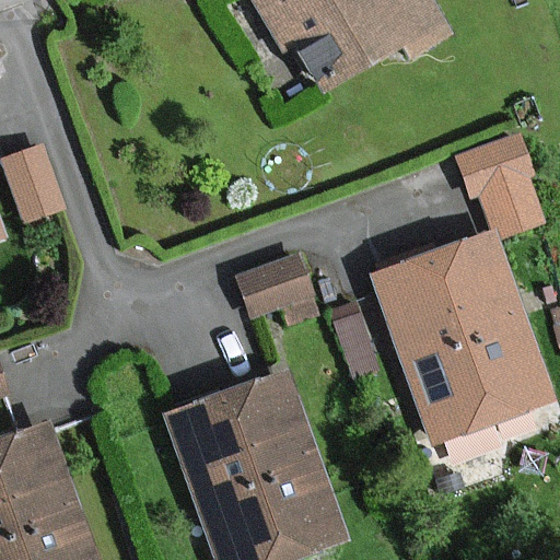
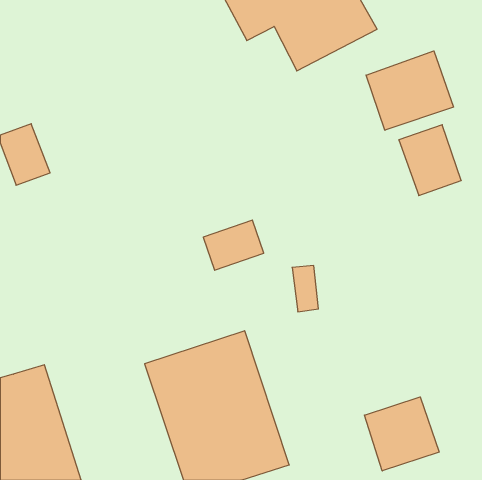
building: none -> [366,51,453,130]
building: [373,235,552,444] -> none
building: none -> [364,397,439,471]

